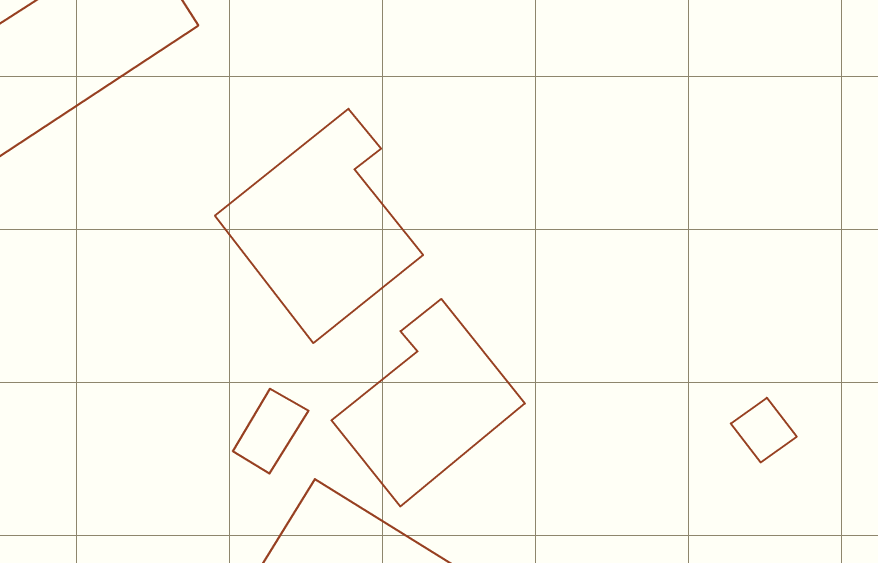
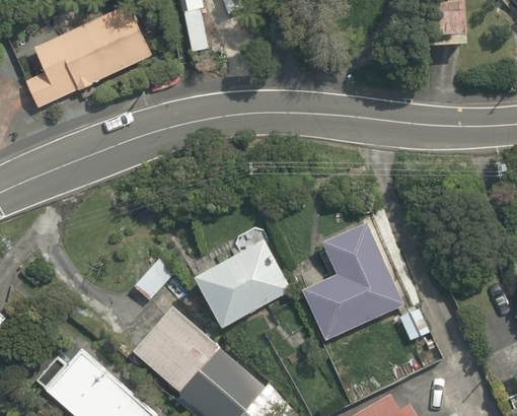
building: [215,109,423,343] -> none
building: none -> [300,220,411,341]

